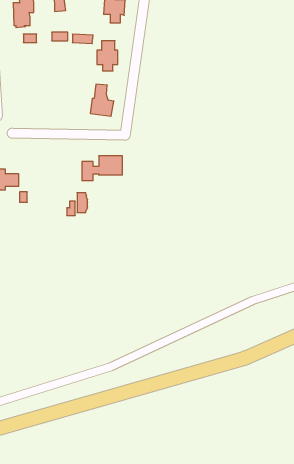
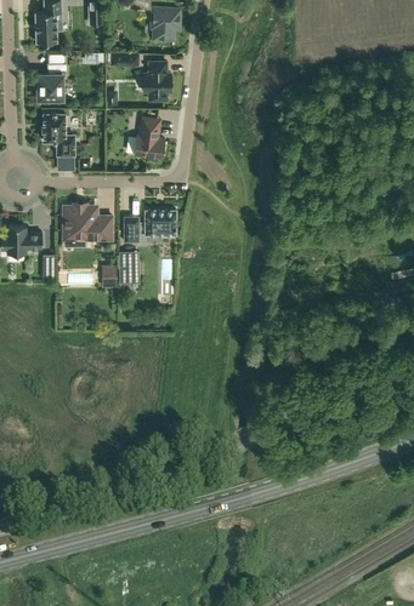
building: none -> [38,72,66,99]
building: none -> [42,114,74,155]
building: none -> [63,206,112,246]

